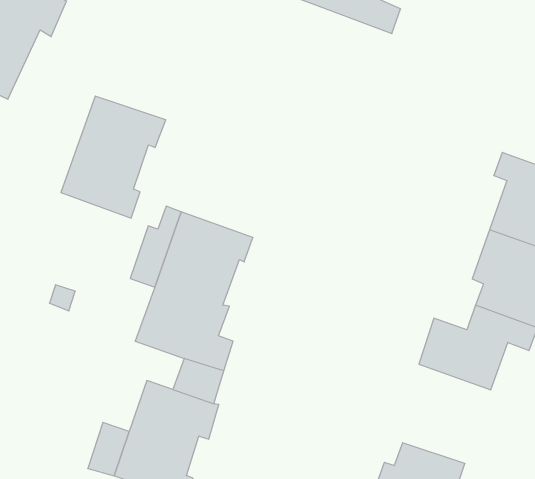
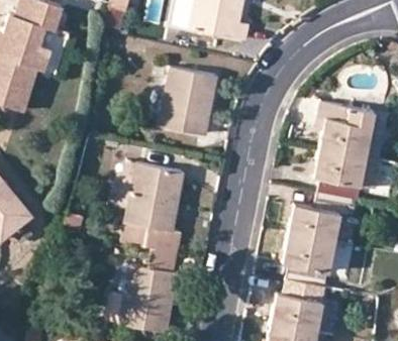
building: [61,96,166,218] -> [163,68,218,136]
building: none -> [284,232,335,287]

